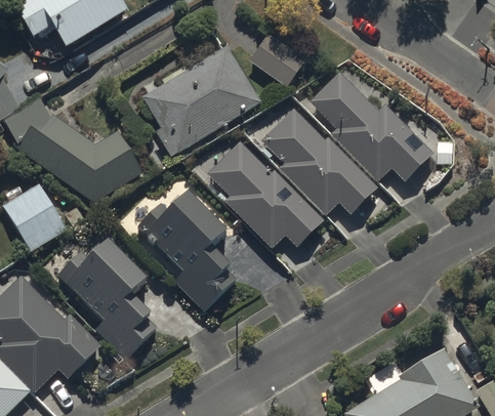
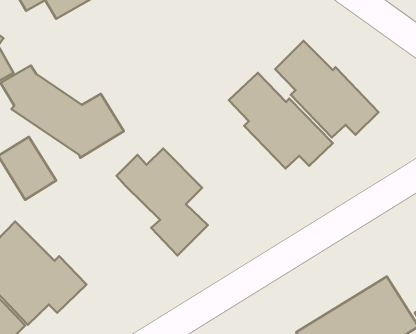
building: [249,32,305,85] -> none
building: [137,47,261,158] -> none
building: [207,140,323,249] -> none
building: [54,240,156,359] -> none

